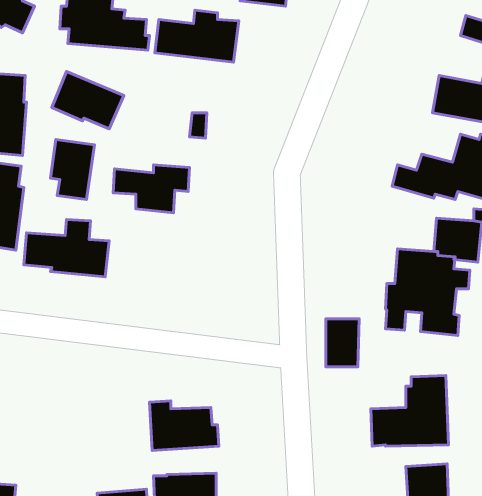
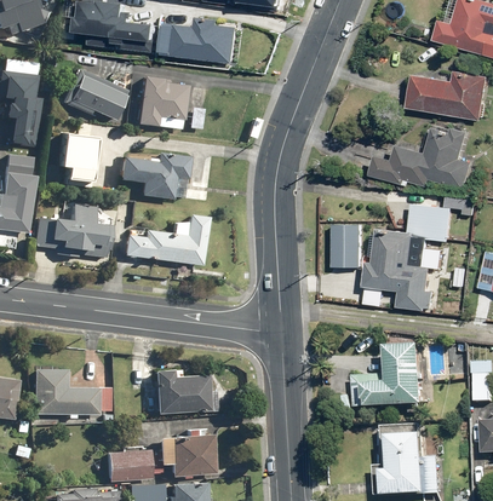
building: none -> [133,77,188,131]
building: none -> [121,215,205,265]
building: [326,319,359,367] -> [331,224,361,267]
building: none -> [30,368,97,414]

